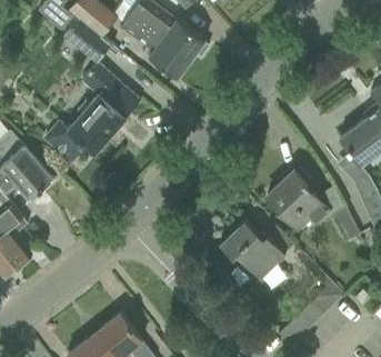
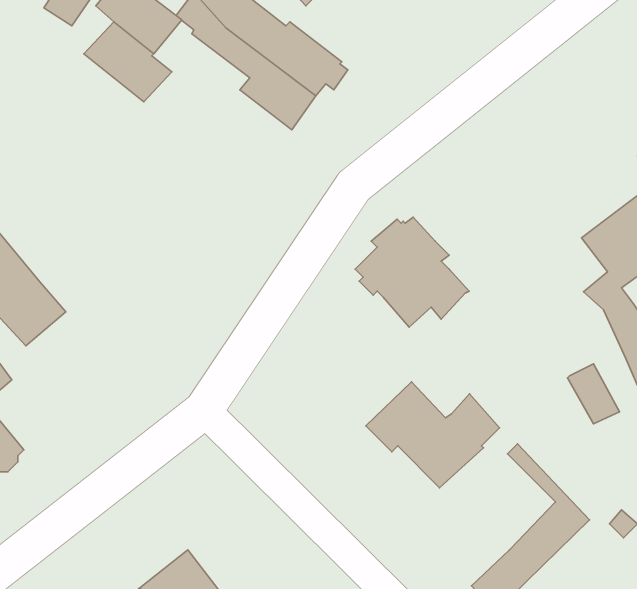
building: [43,65,140,163] -> none
building: [267,168,330,229] -> [355,217,469,327]

